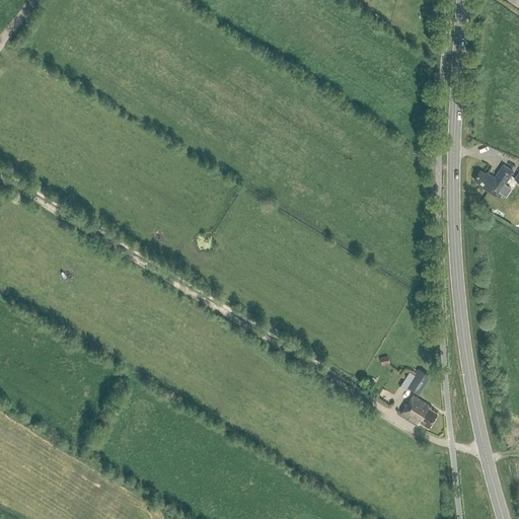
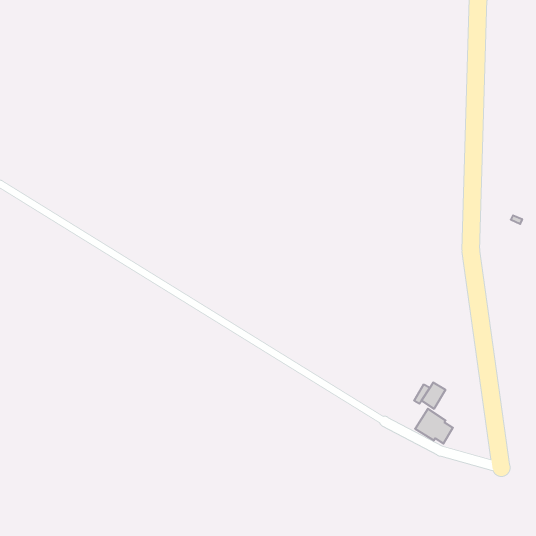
building: [475,163,514,195] -> none

